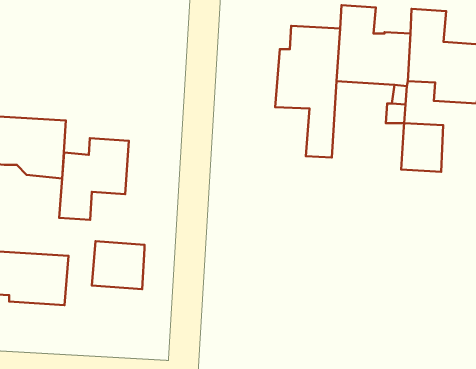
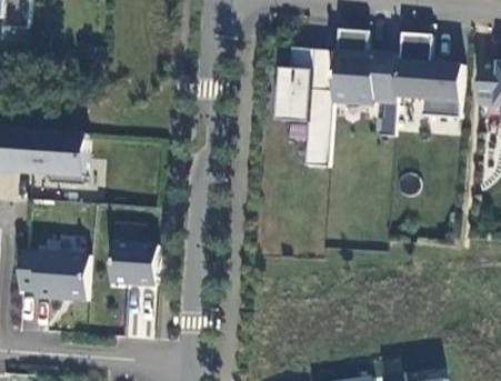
building: [401,123,443,172] -> none
building: [59,138,129,220] -> none

